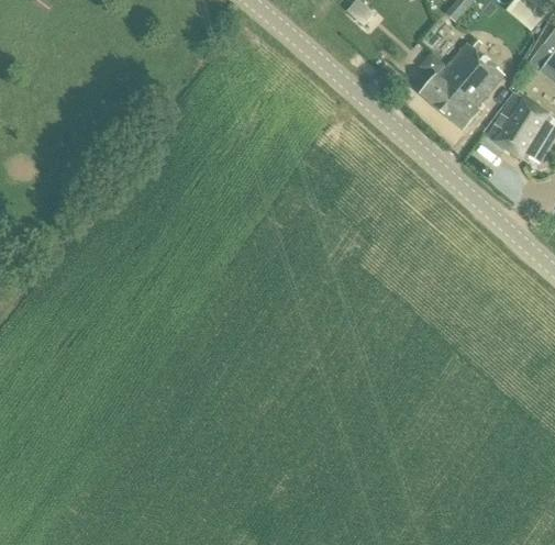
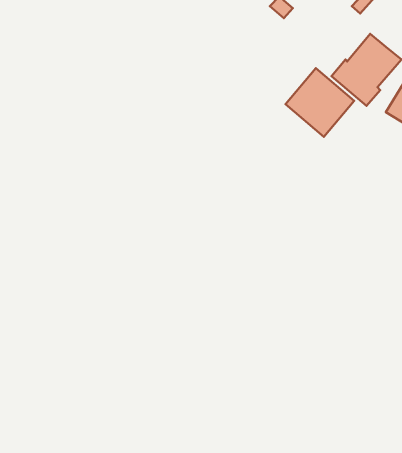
building: none -> [286,68,354,137]

